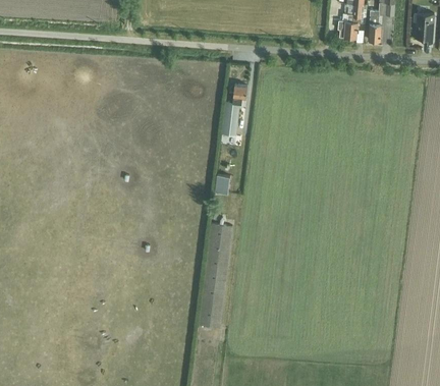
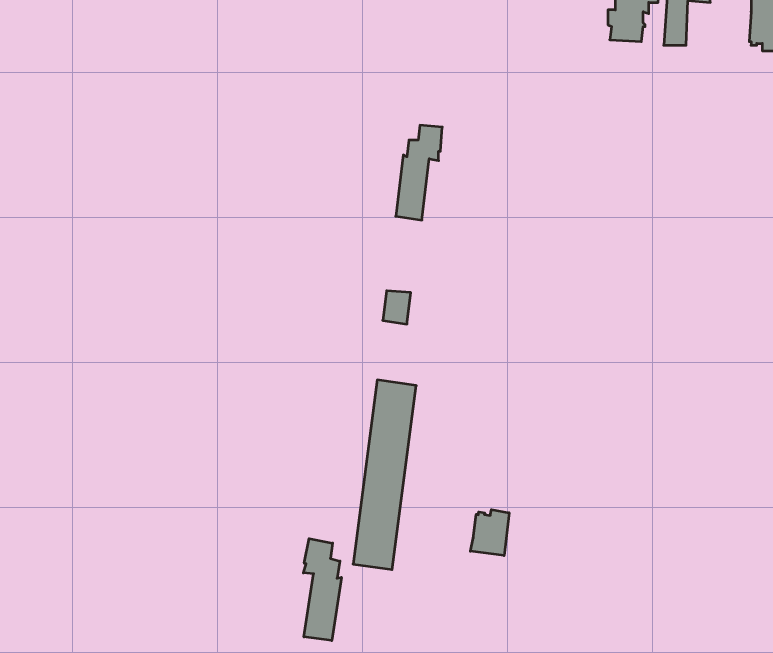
building: none -> [470,510,509,556]
building: none -> [303,539,341,641]

